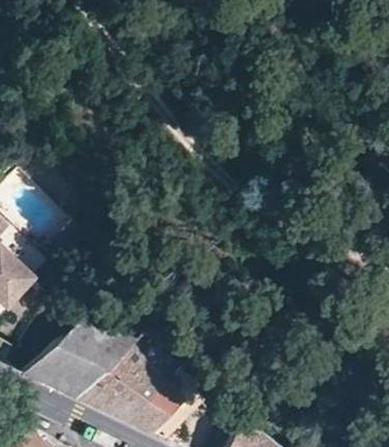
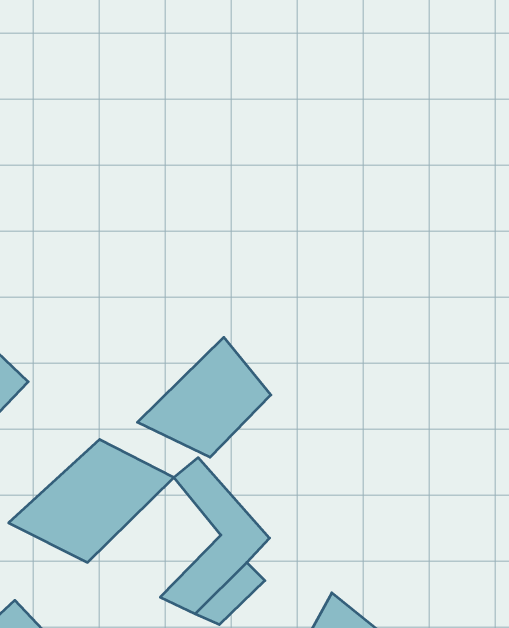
building: [76,344,167,425] -> [137,337,271,457]

